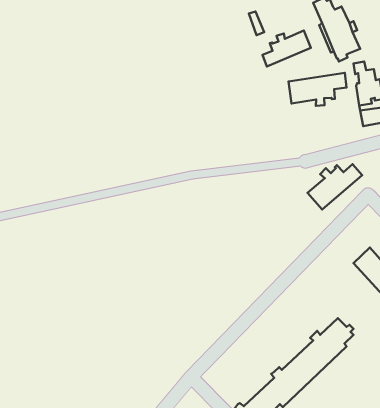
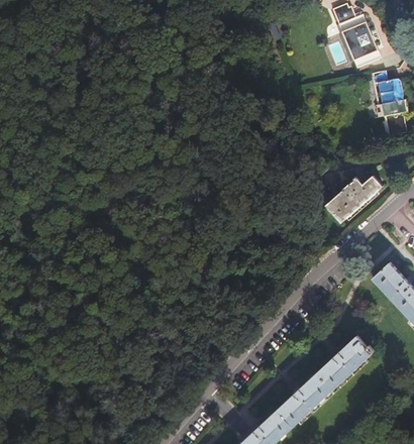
building: [262,30,311,66] -> none
building: [289,73,347,106] -> none

